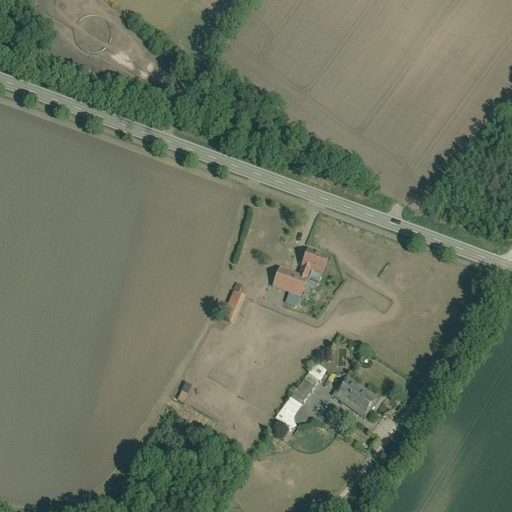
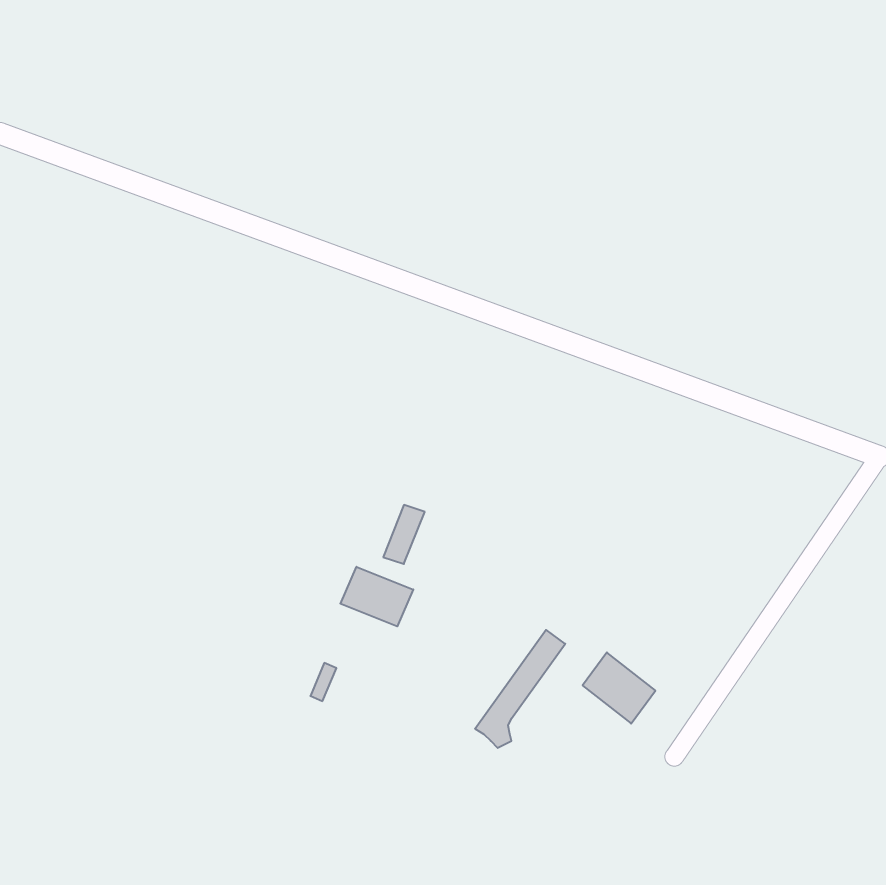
building: [270,248,328,297] -> none
building: none -> [340,567,413,626]

